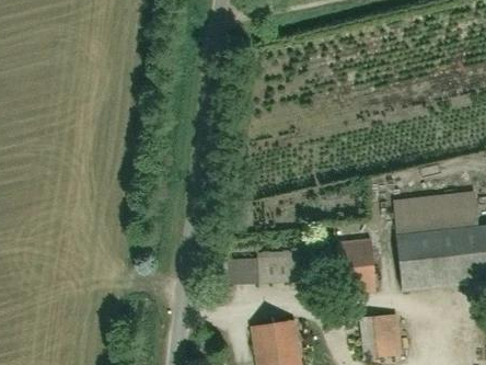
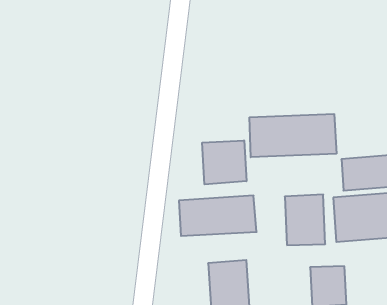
building: none -> [250,114,336,157]
building: none -> [202,140,246,184]

